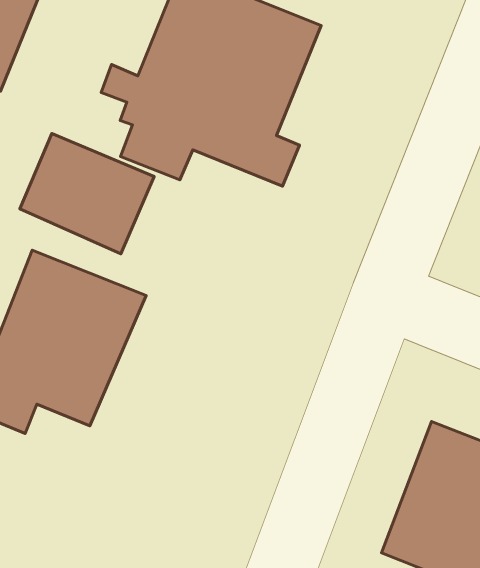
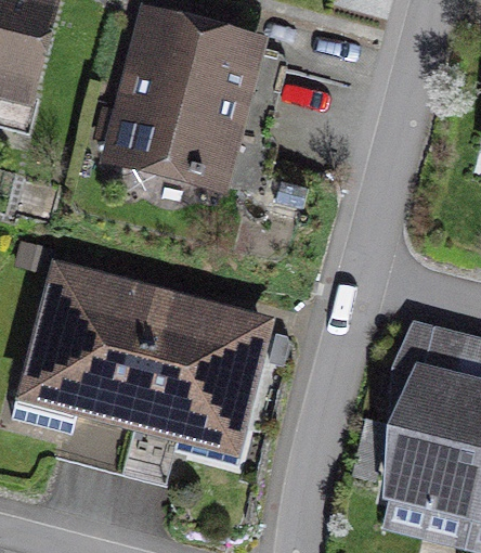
building: [20,133,154,254] -> none
building: none -> [128,290,260,453]

